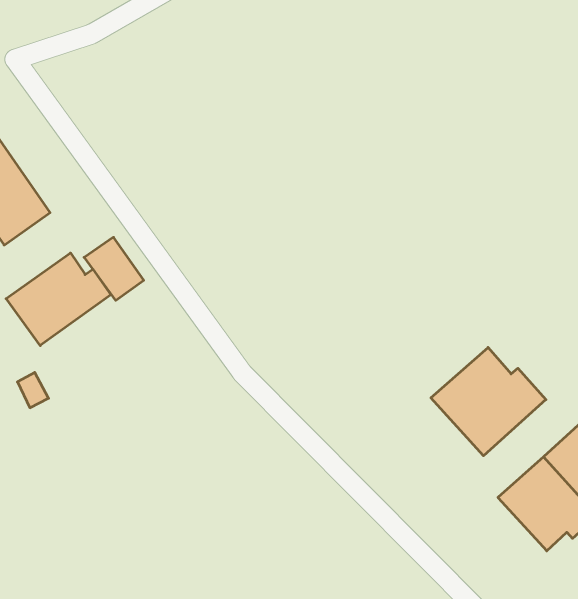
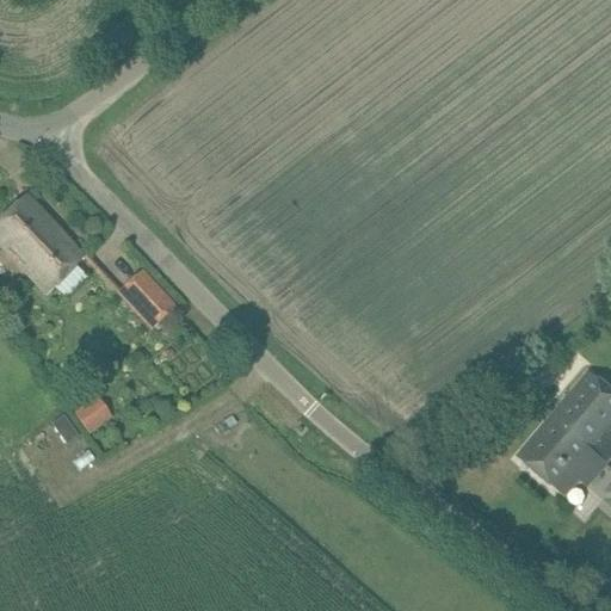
building: [6,253,111,346] -> none
building: [431,347,546,456] -> none

